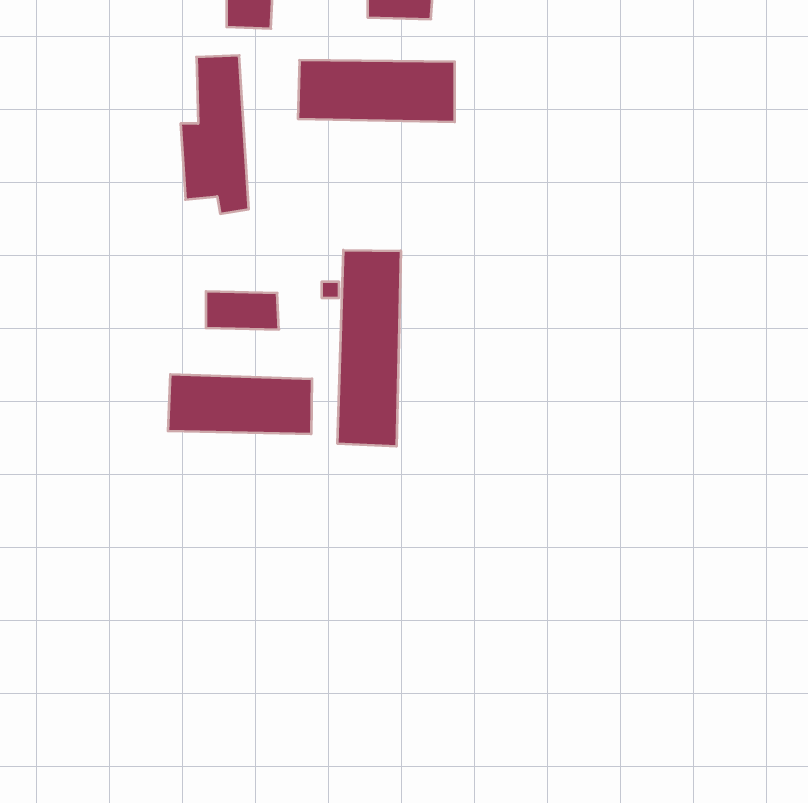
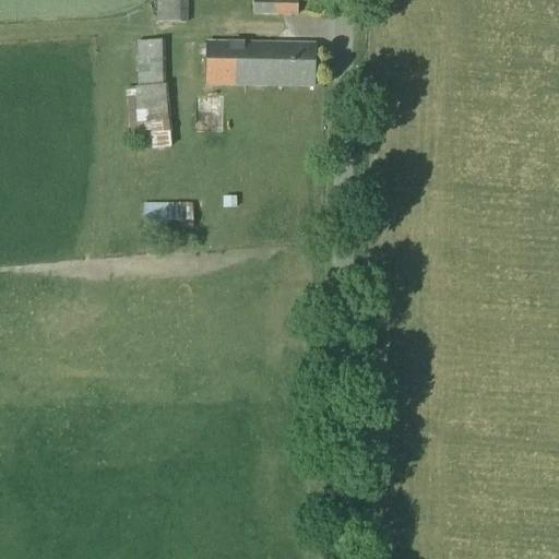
building: [338,250,401,446] -> none
building: [168,374,312,434] -> none

